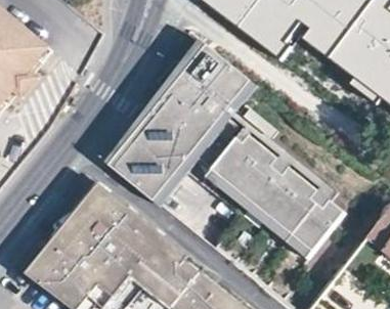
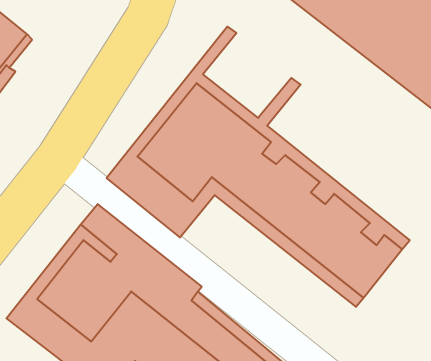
building: [180,44,251,112] -> none

